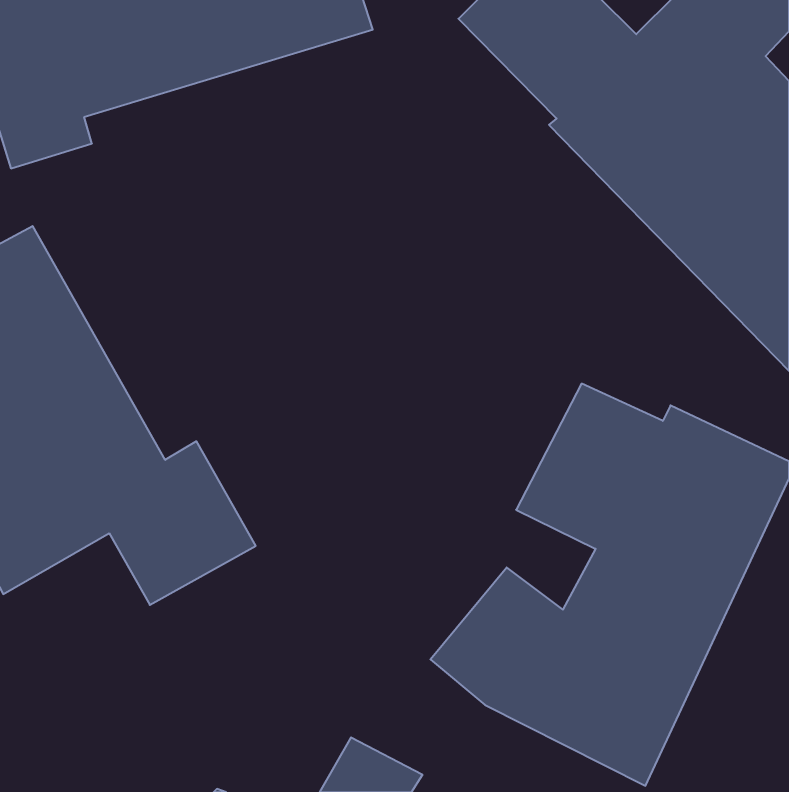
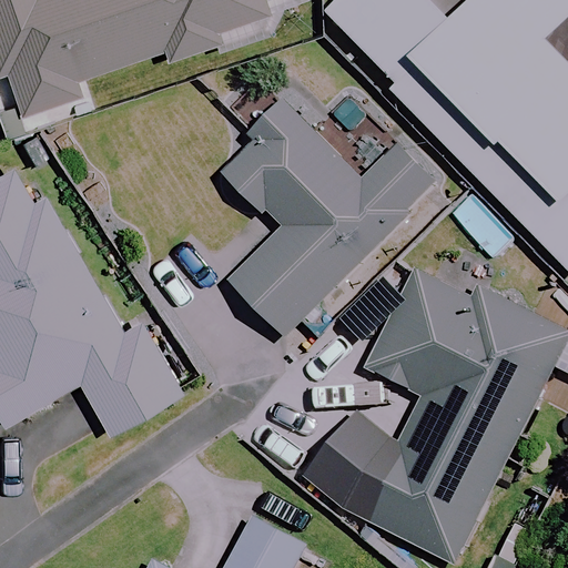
building: none -> [221,104,437,337]

